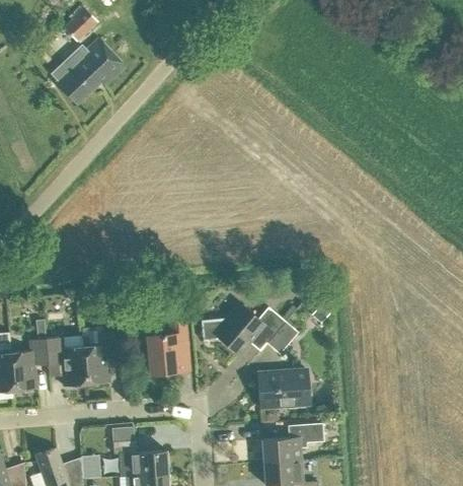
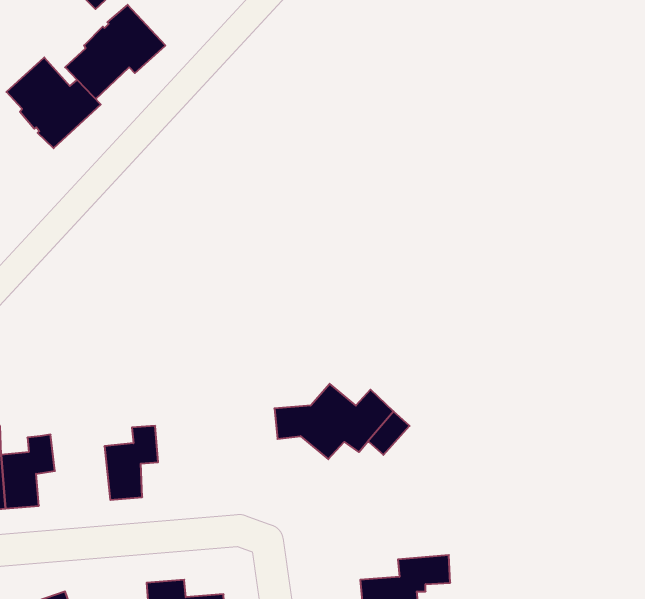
building: none -> [6,57,101,148]
building: [148,320,189,373] -> none
building: [47,337,87,386] -> none
building: [260,367,307,409] -> none

